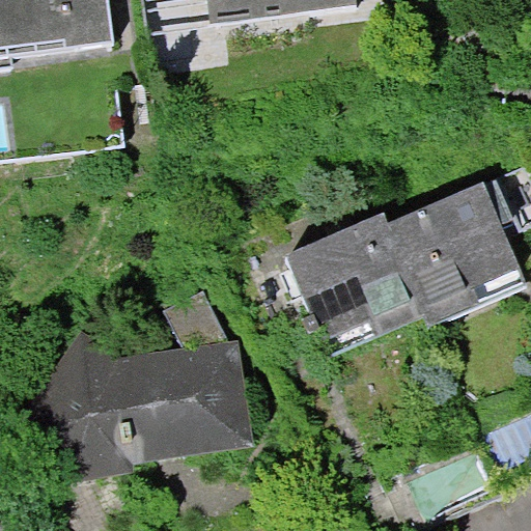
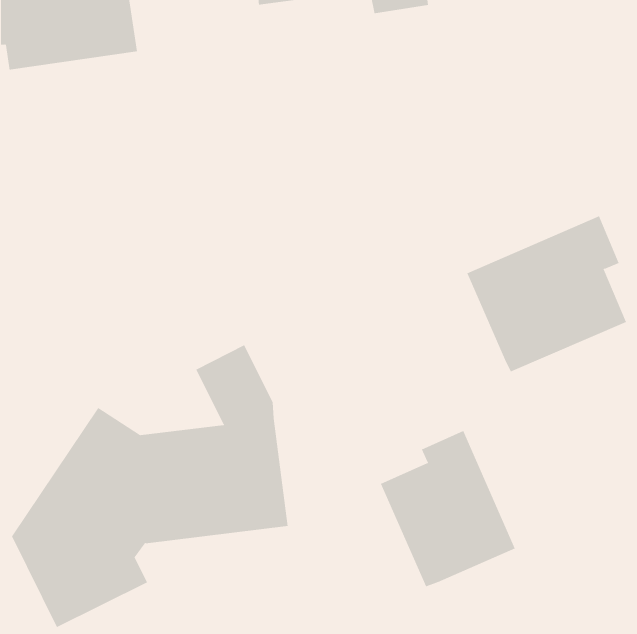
building: [287,216,420,340] -> none
building: none -> [380,430,516,587]

